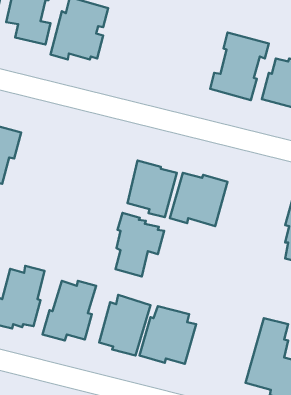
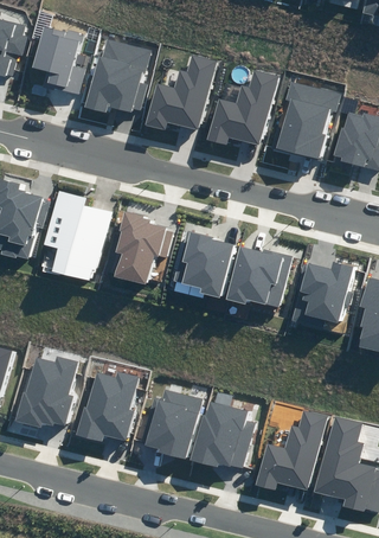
building: none -> [143,55,216,130]
building: none -> [207,70,277,145]
building: none -> [44,188,111,281]
building: none -> [291,262,353,328]
building: [116,213,164,276] -> [115,211,172,286]
building: none -> [255,410,327,491]

